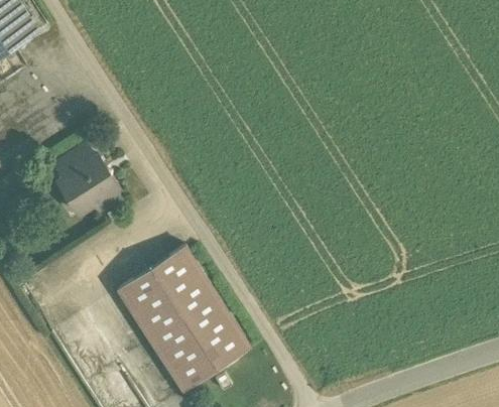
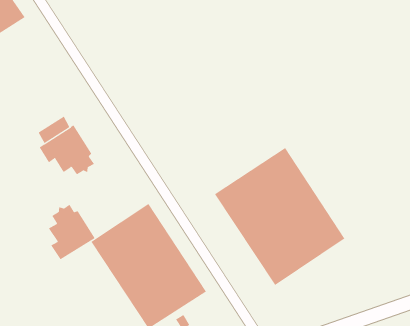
building: none -> [214,147,345,286]
building: none -> [48,204,95,260]

